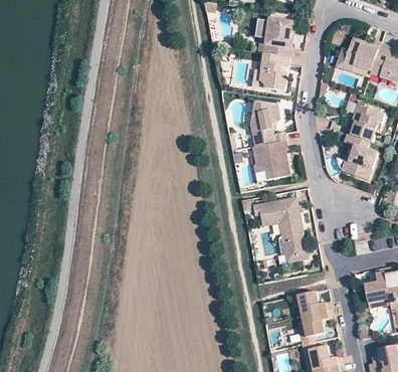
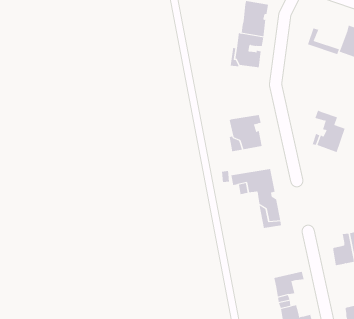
building: [344,36,380,68] -> none
building: [249,101,284,144] -> none
building: [352,103,382,143] -> none
building: [294,290,331,315] -> none

